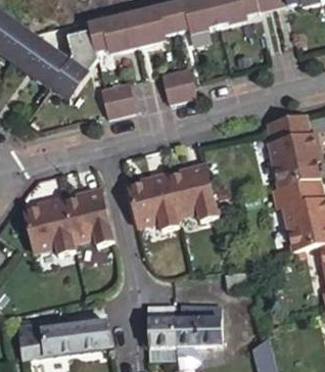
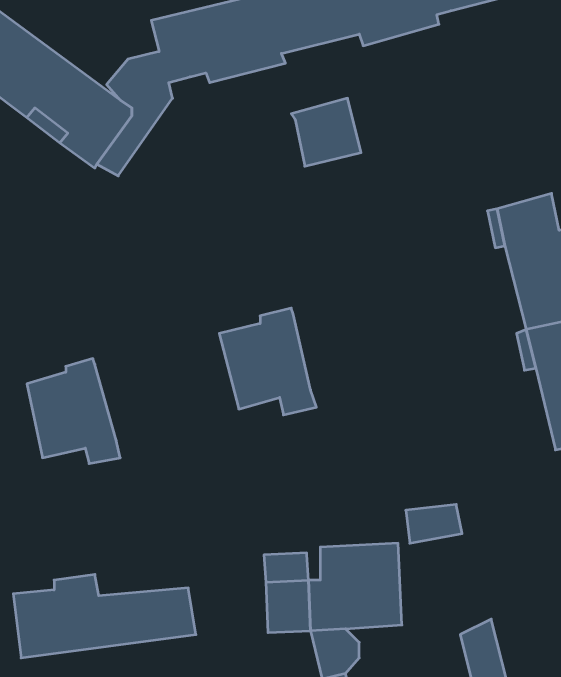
building: [102,81,137,117] -> none
building: [164,166,215,223] -> none
building: [59,193,111,248] -> none

